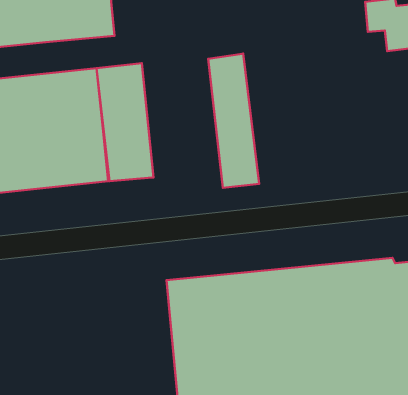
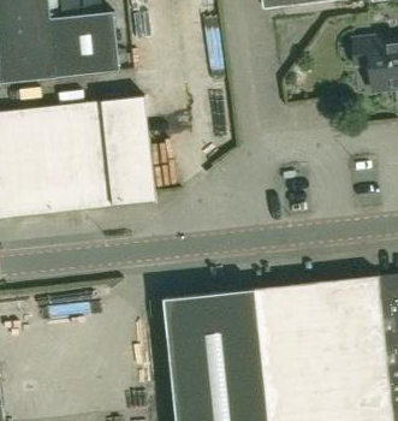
building: [208,54,259,188] -> none

